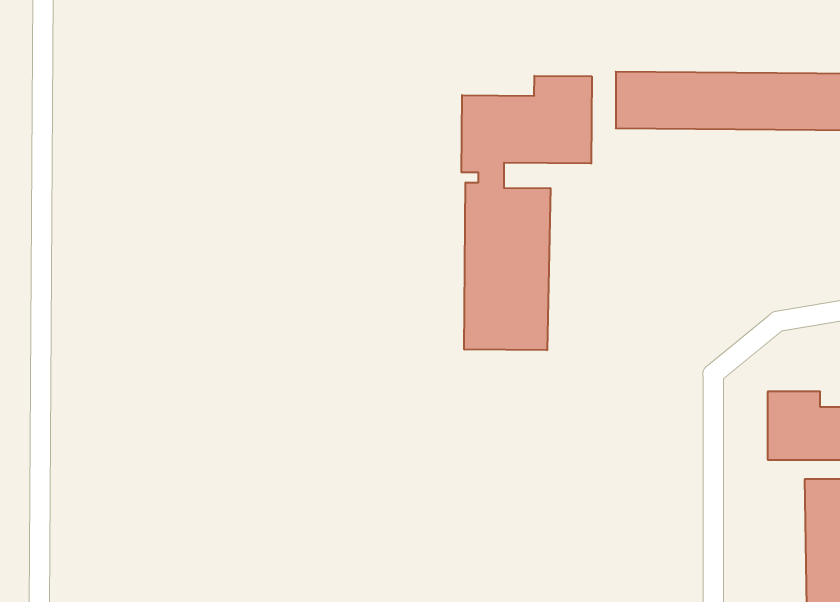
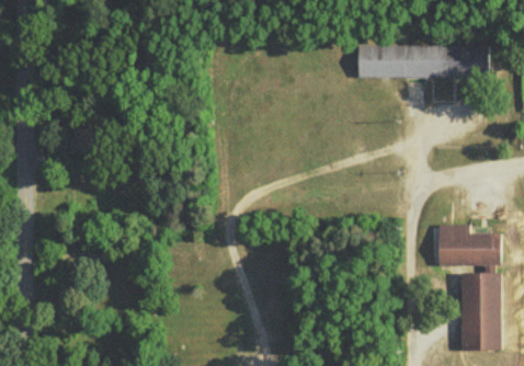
building: [461,76,592,350] -> none

